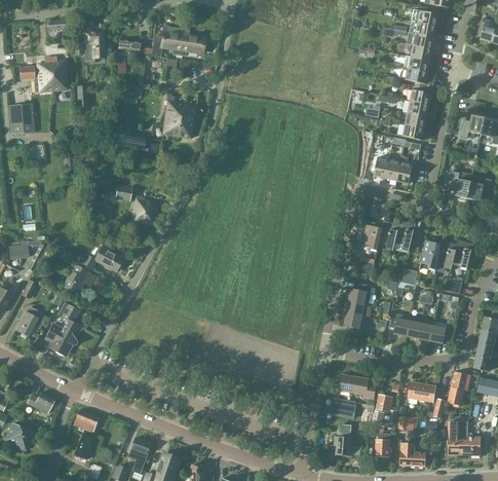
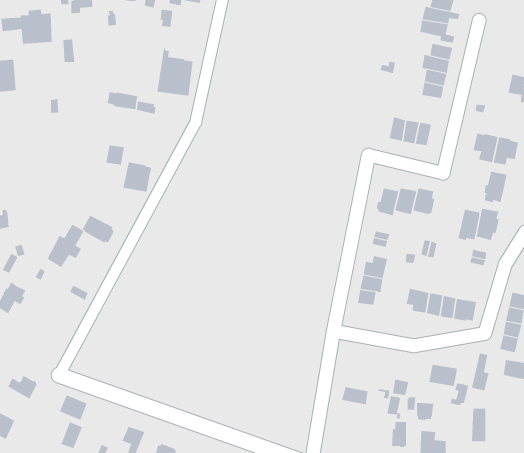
building: [460,115,485,139] -> none
building: [419,240,440,269] -> [484,171,508,203]
building: [44,303,80,357] -> none
building: [339,374,376,400] -> none
building: [459,421,481,455] -> none
building: [335,424,351,455] -> none

